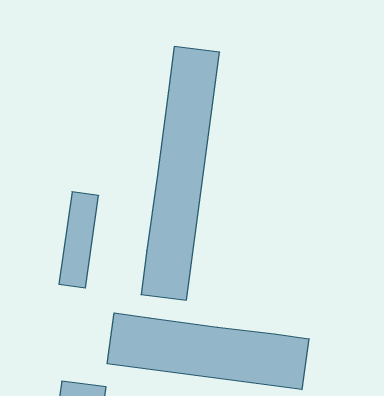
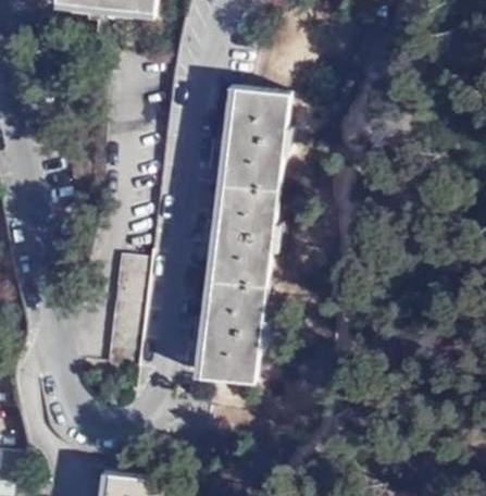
building: [107,313,309,390] -> none

